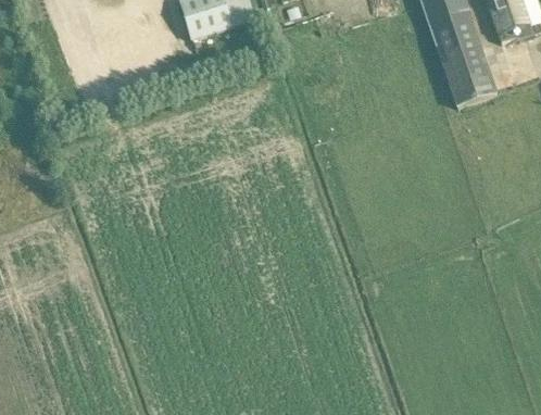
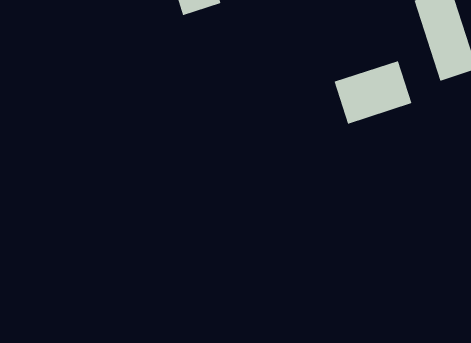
building: none -> [334,60,412,125]

